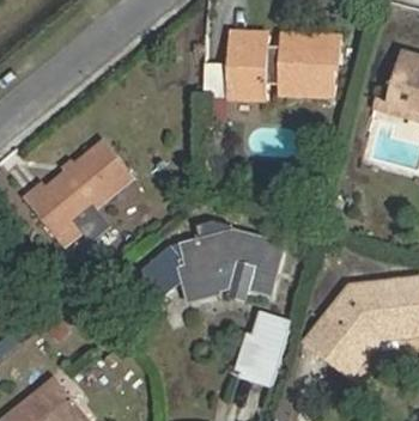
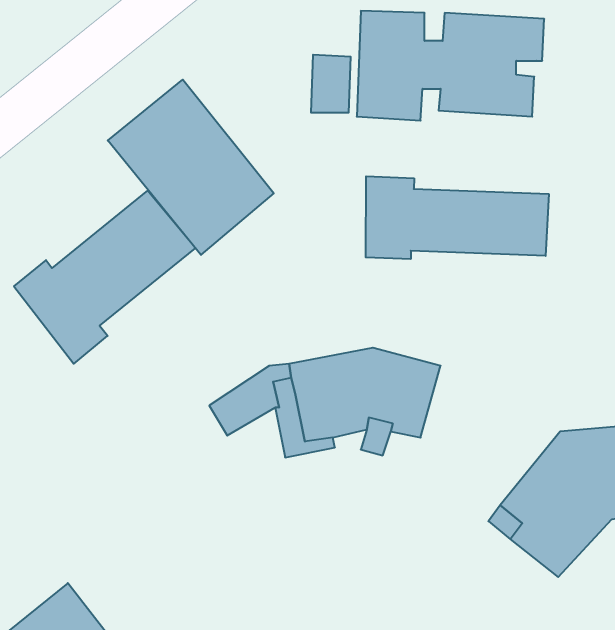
building: none -> [108,80,274,255]
building: none -> [366,176,549,259]
building: [239,313,290,384] -> none

